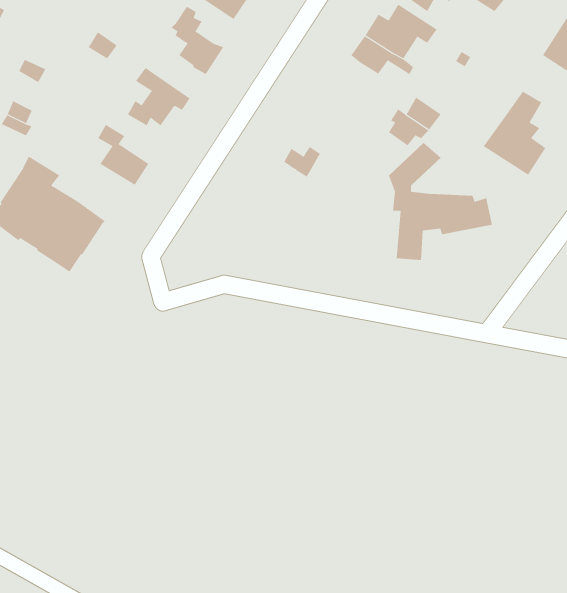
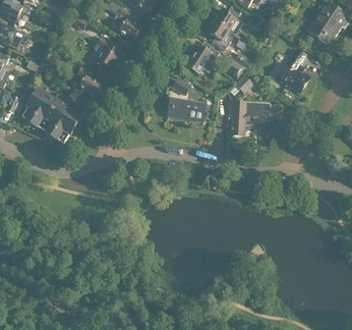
building: none -> [186,45,219,72]
building: none -> [164,99,204,121]

